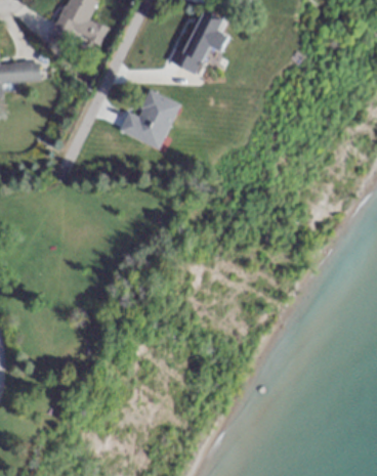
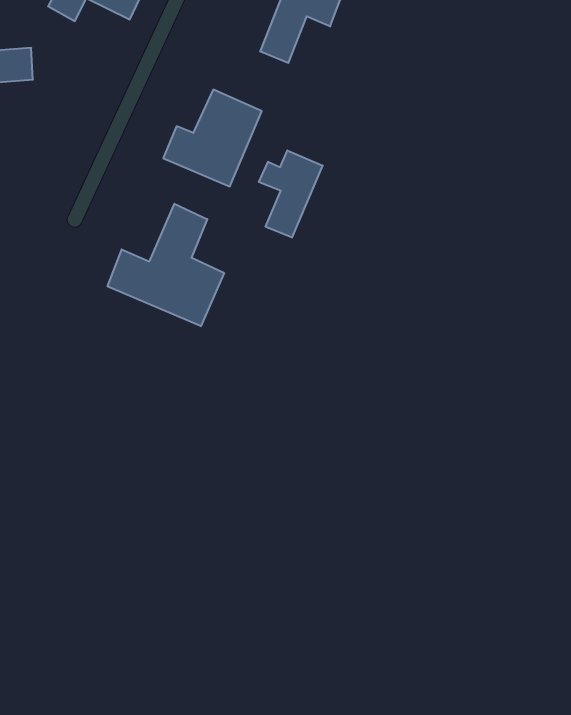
building: none -> [259,150,323,238]
building: none -> [108,204,224,326]

